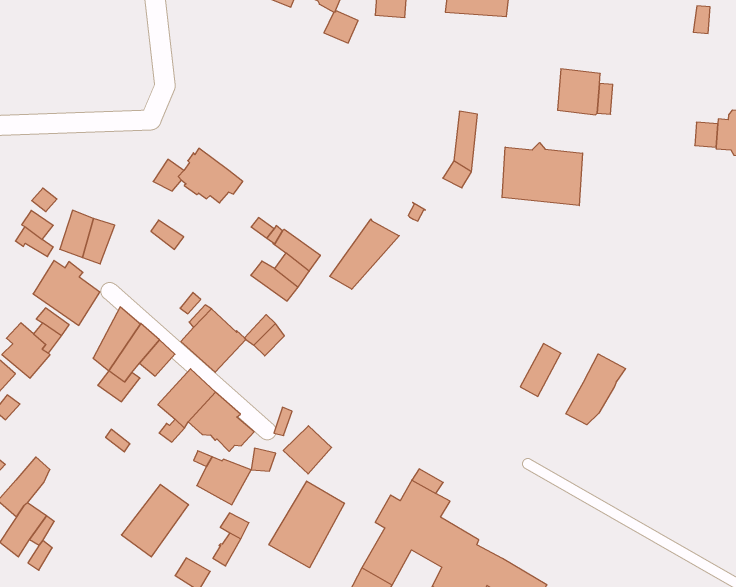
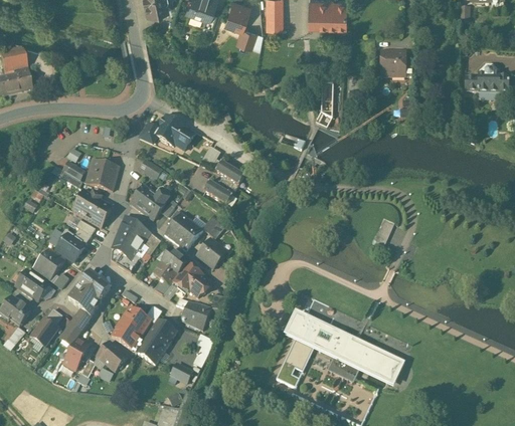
building: [502,143,583,206] -> none
building: [330,219,399,289] -> none
building: none -> [129,185,168,220]
building: [566,354,626,425] -> none
building: none -> [68,272,109,316]
building: [283,426,332,474] -> [196,239,225,268]
building: none -> [111,305,161,351]
building: [269,481,344,568] -> none
building: none -> [96,342,127,372]

